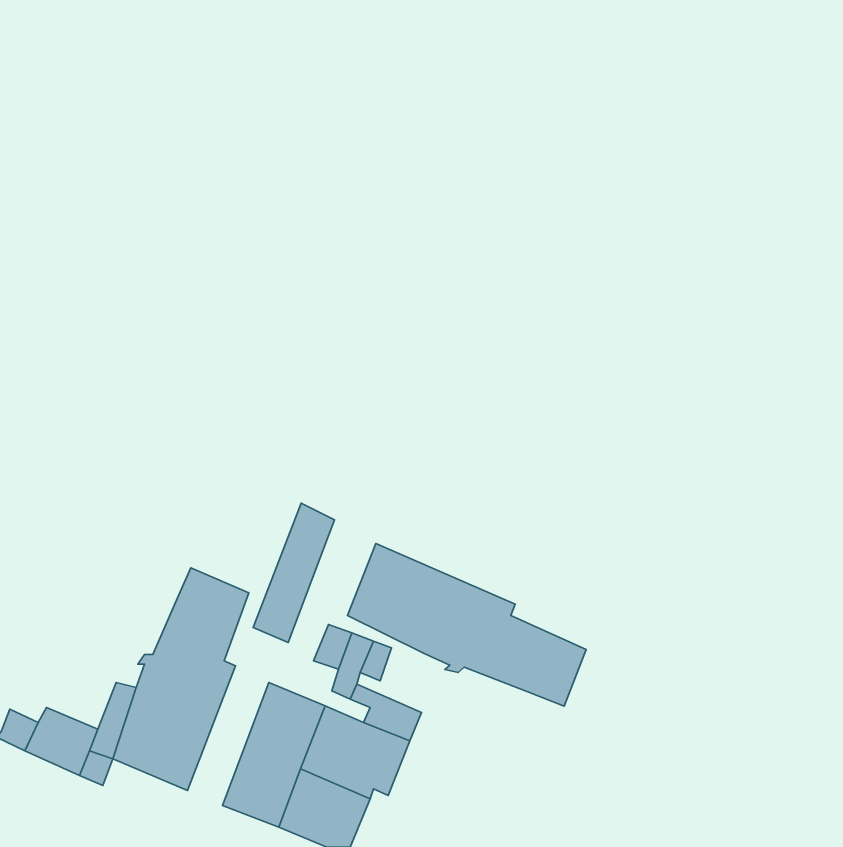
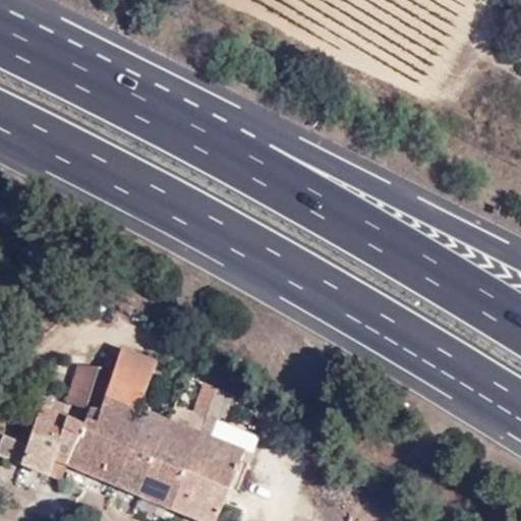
building: [253,503,334,643] -> [115,408,165,494]
building: [348,543,586,706] -> none
building: none -> [65,364,109,407]
building: none -> [28,409,71,447]

